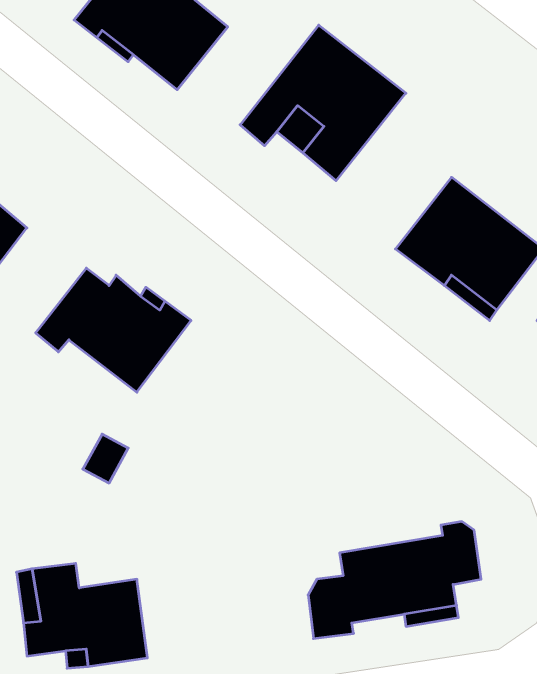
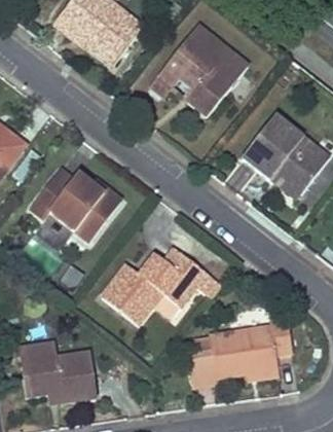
building: none -> [102,247,222,323]

